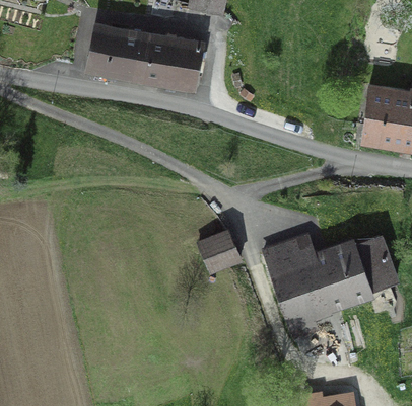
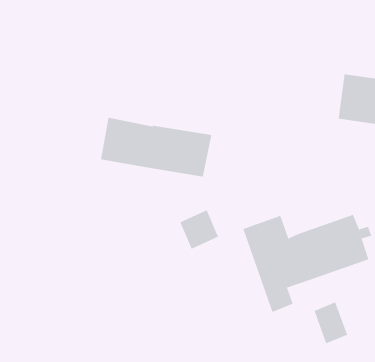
building: [87,26,203,88] -> [100,117,212,177]
building: none -> [314,302,348,344]

